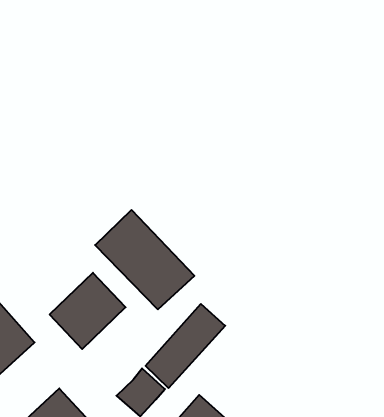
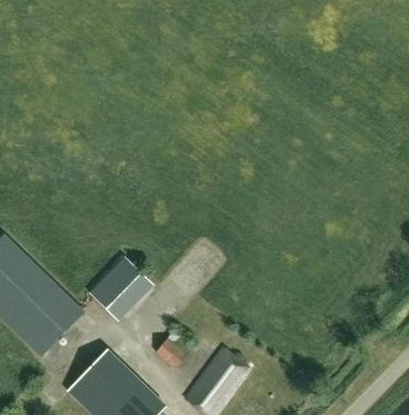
building: [95,210,194,309] -> none
building: [146,304,225,388] -> none

